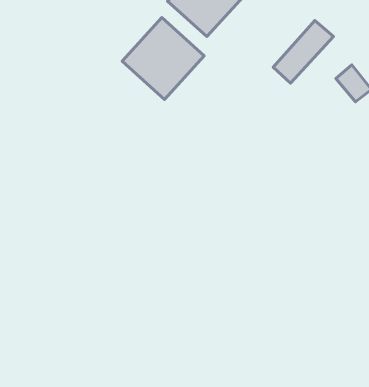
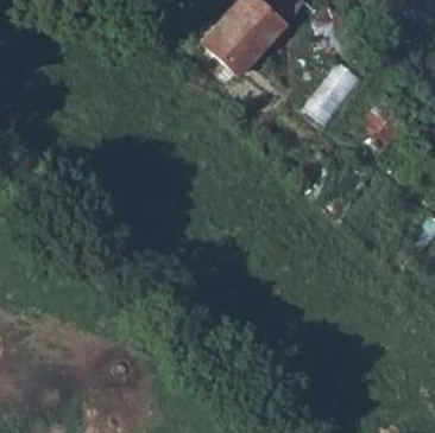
building: [122,18,204,100] -> none

